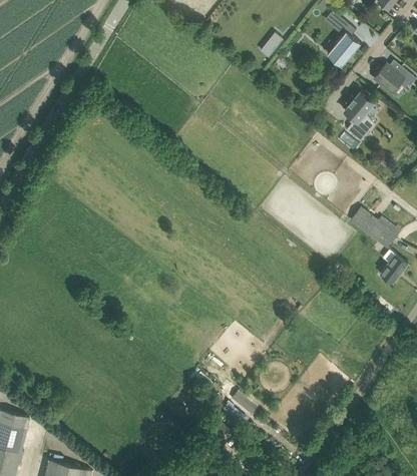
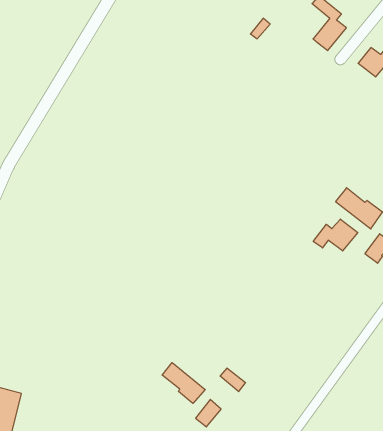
building: [344,91,374,141] -> none
building: none -> [313,219,358,251]
building: none -> [162,363,205,403]

